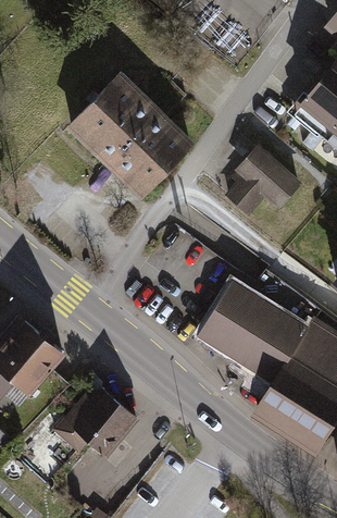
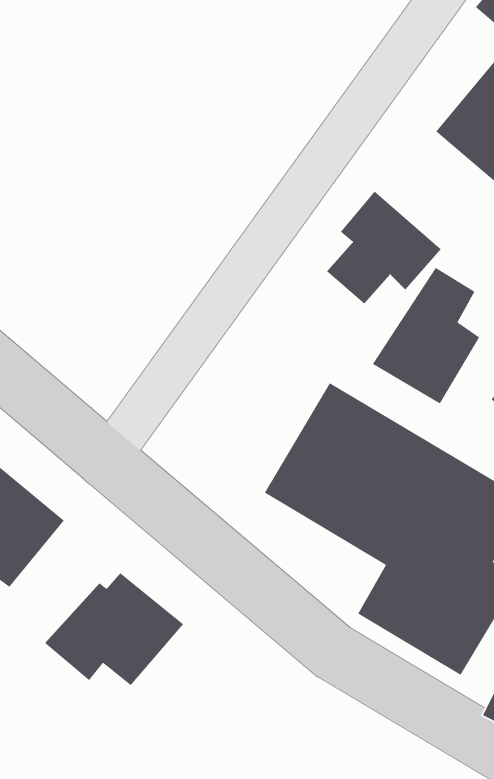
building: [64,70,194,199] -> none
building: none -> [372,267,480,404]

